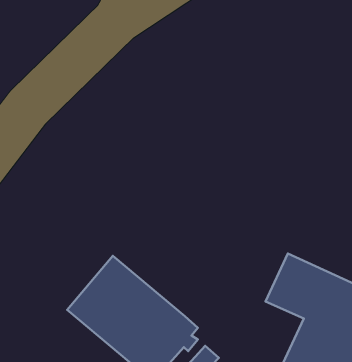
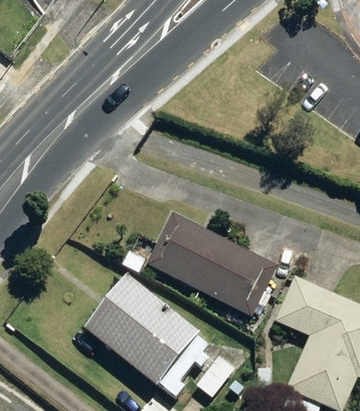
building: none -> [145,211,277,317]

